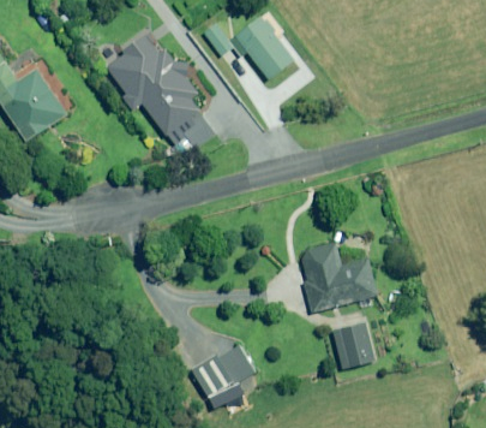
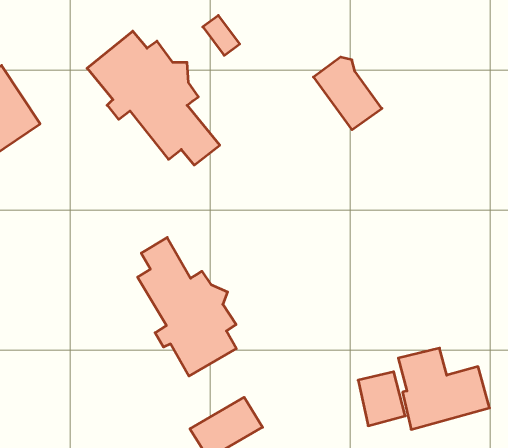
building: [235,18,293,79] -> [313,57,382,130]
building: none -> [138,237,236,376]
building: [300,244,377,313] -> [398,348,490,429]

